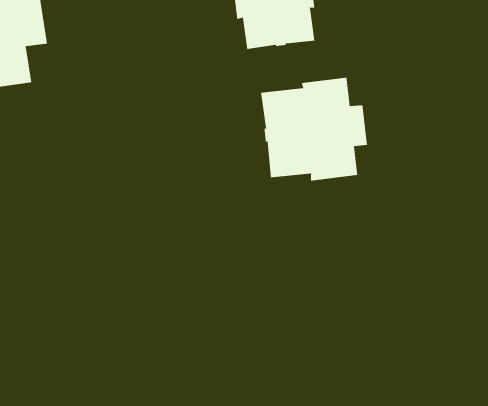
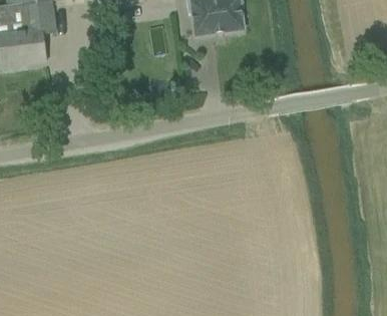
building: [261,77,367,181] -> none

